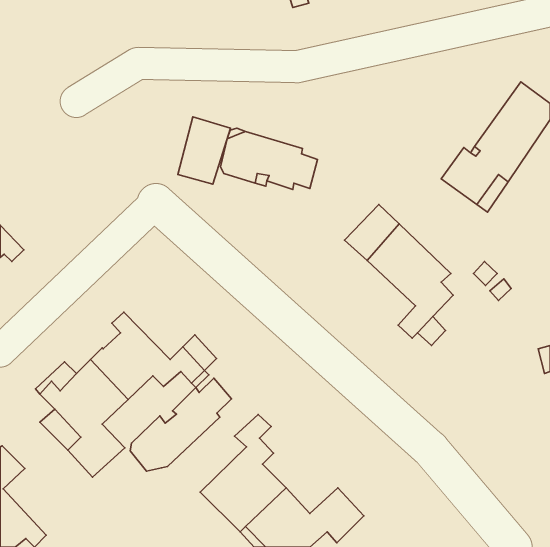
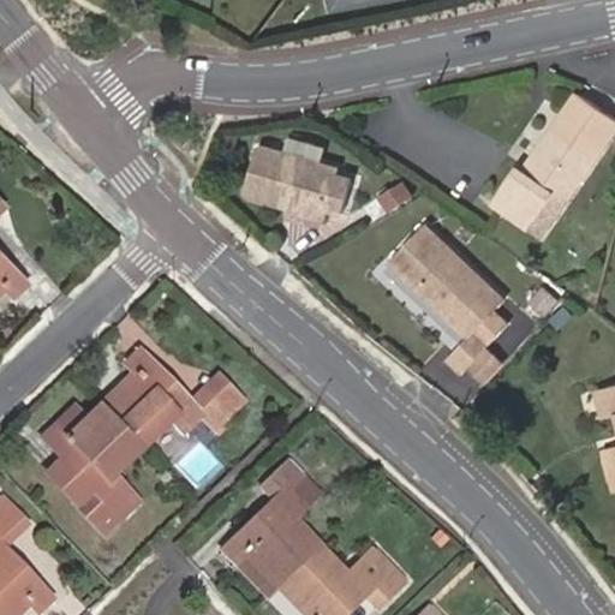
building: [178,117,230,184] -> none
building: [130,378,231,471] -> none

